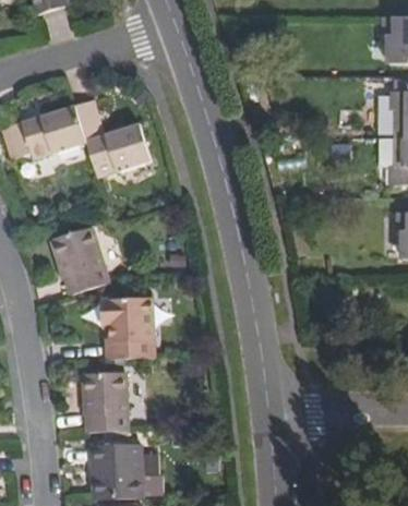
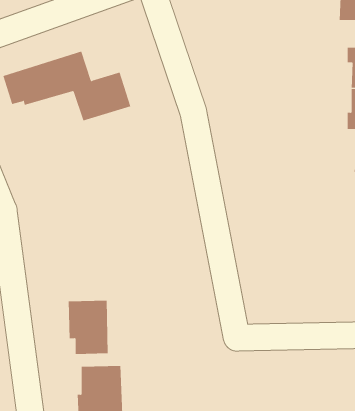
building: [50,227,107,293] -> none
building: [97,297,152,359] -> none

